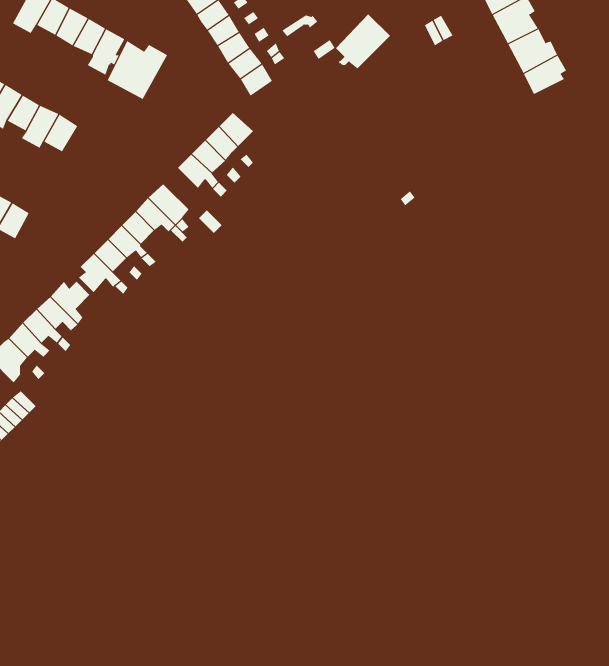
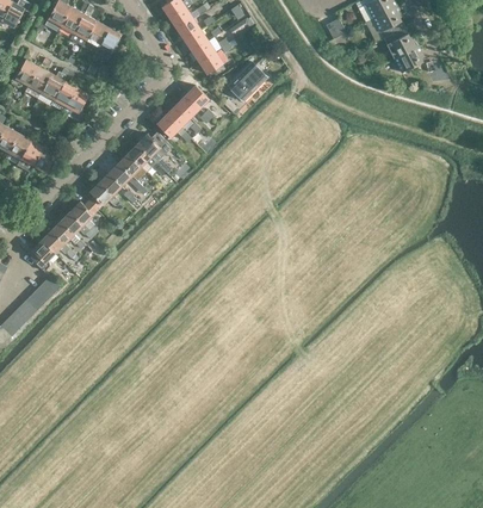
building: [335,13,391,69] -> [228,62,266,100]
building: [107,40,168,100] -> none

